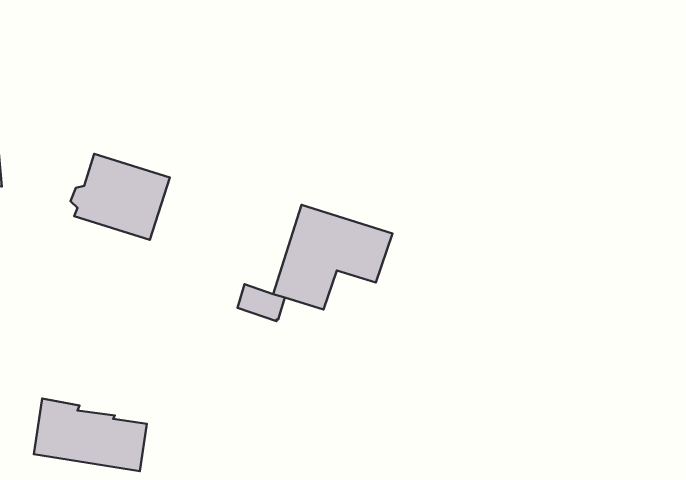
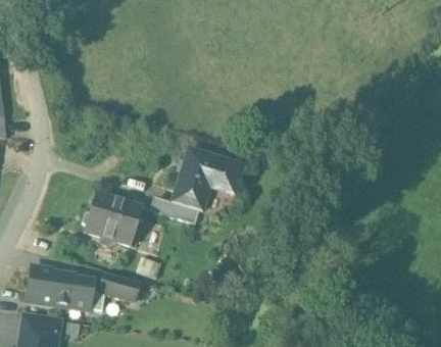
building: [71,154,170,240] -> [82,193,142,245]
building: none -> [99,271,139,301]

